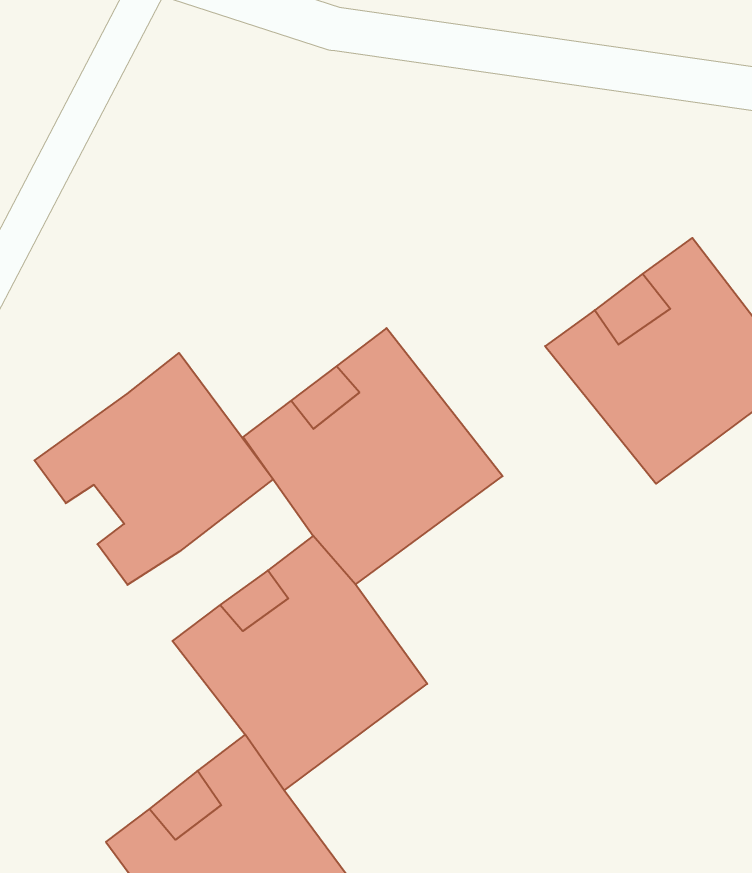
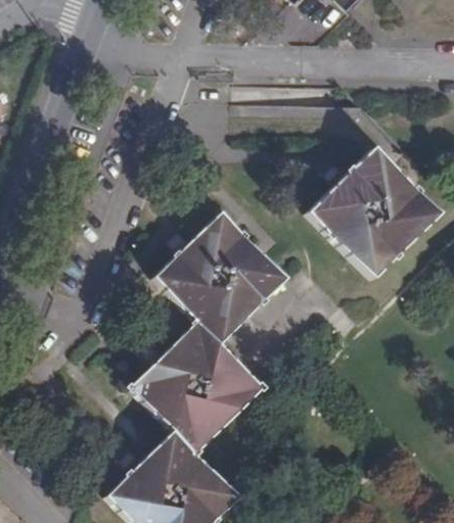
building: [34,353,273,585] -> none

